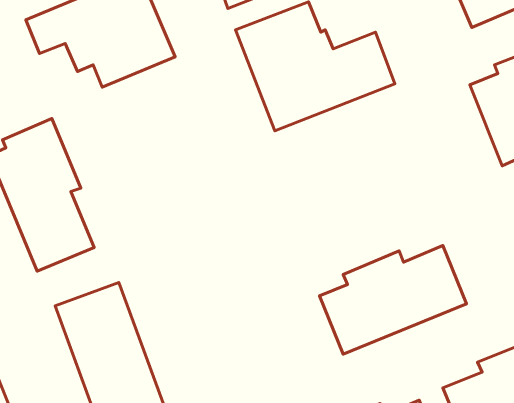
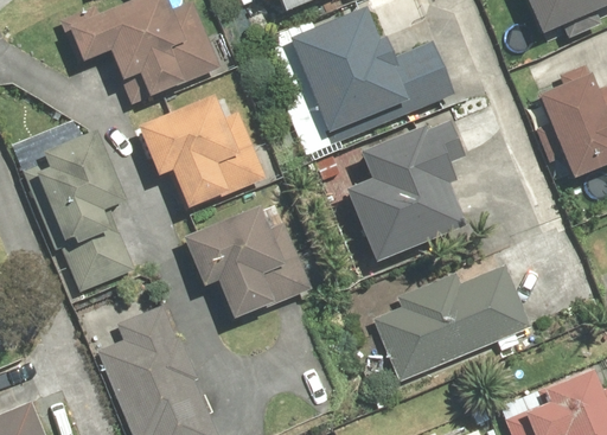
building: none -> [135,96,267,211]
building: none -> [343,119,462,263]
building: none -> [183,200,312,326]

